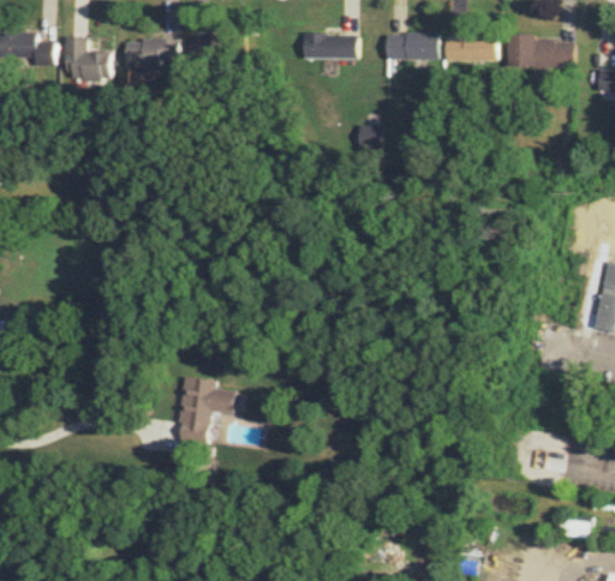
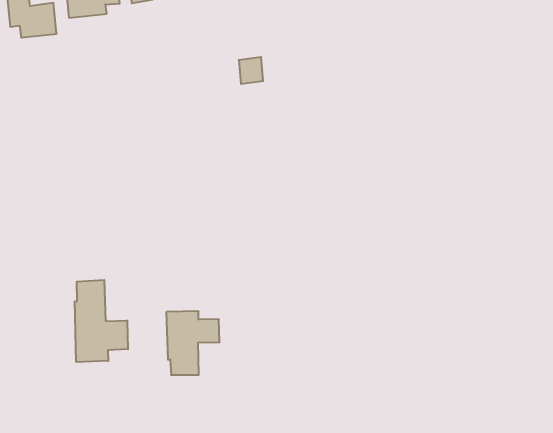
building: [358,125,382,149] -> [239,57,263,84]
building: none -> [75,280,128,362]

